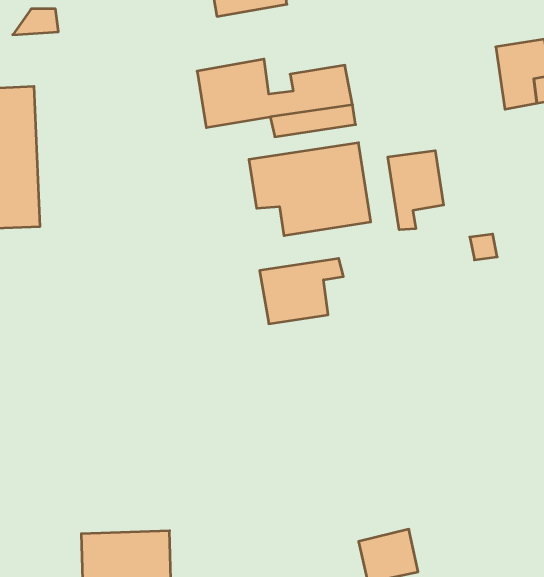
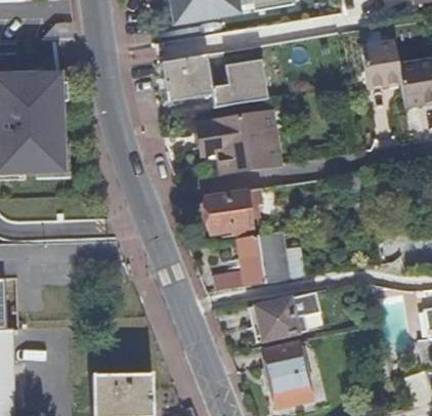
building: [388,151,444,230] -> none
building: none -> [214,231,292,290]
building: none -> [256,291,320,339]
building: none -> [265,341,306,379]

